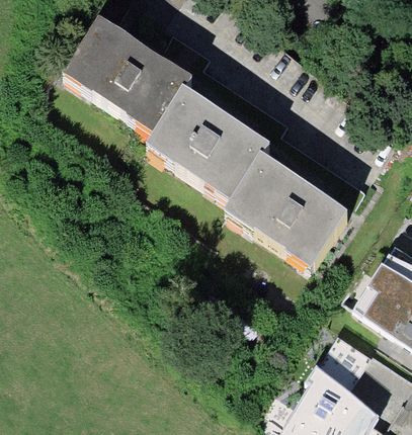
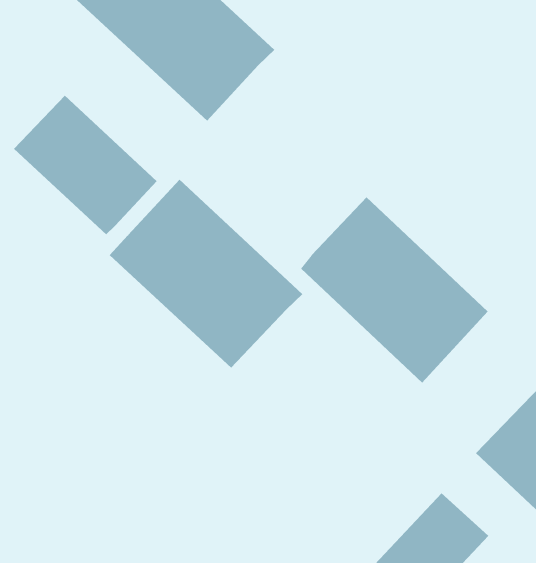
building: [149,93,270,202] -> [109,179,303,369]
building: none -> [13,95,158,235]

